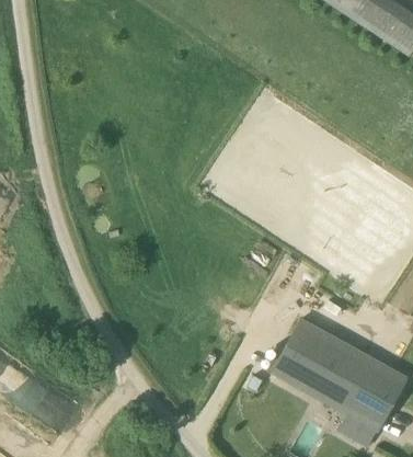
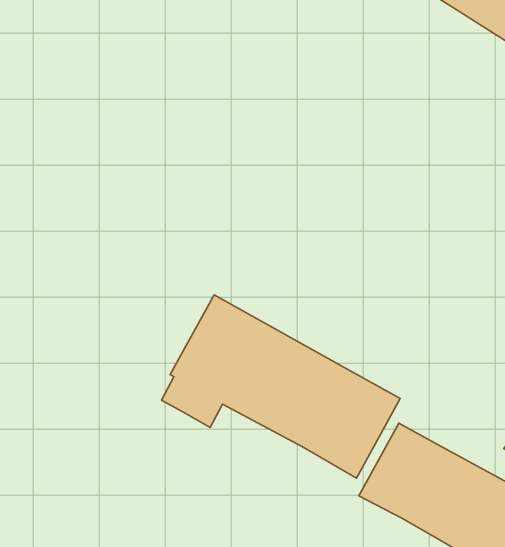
building: none -> [162,295,400,478]

